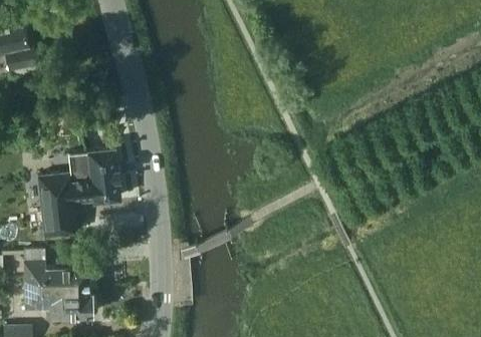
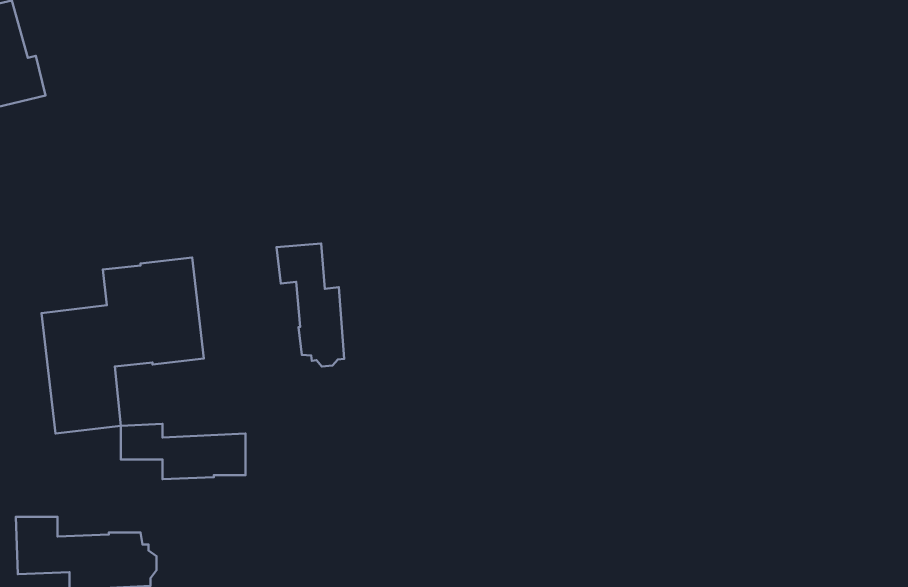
building: none -> [277,244,344,367]
building: [23,263,86,291] -> [121,424,245,479]

